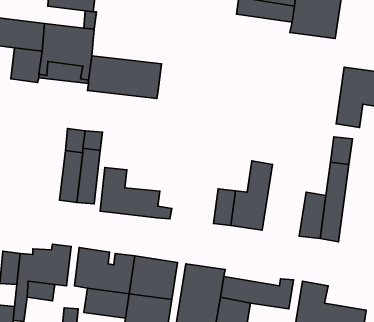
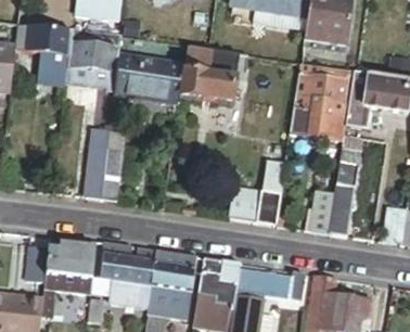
building: none -> [179,47,236,102]
building: none -> [290,63,347,139]
building: [100,168,172,219] -> none

